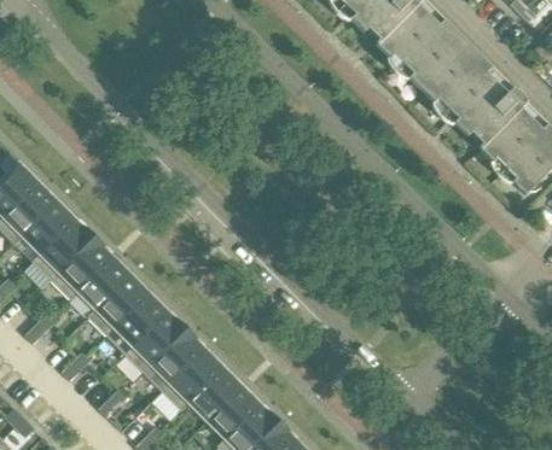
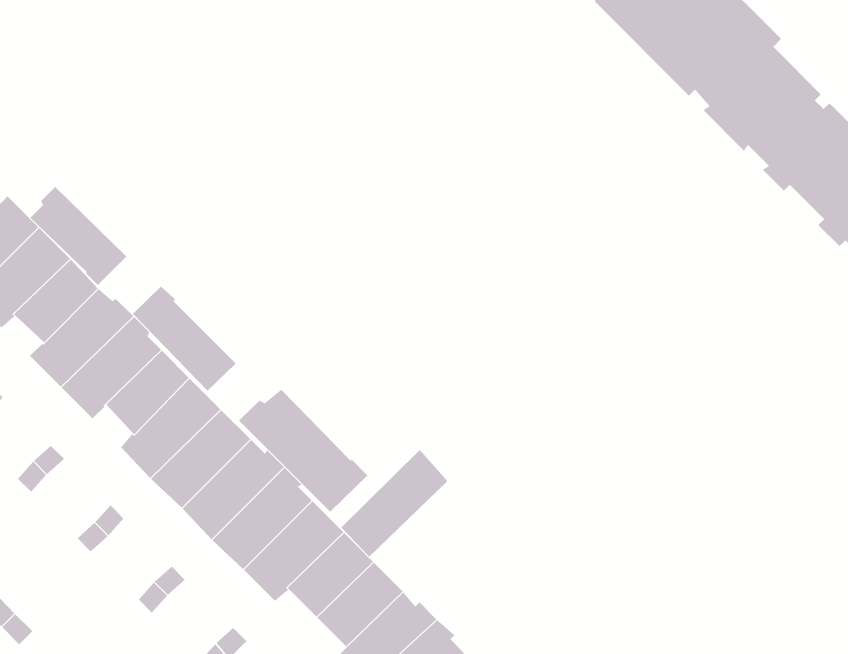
building: none -> [30,186,127,286]
building: none -> [132,286,236,391]
building: none -> [238,389,368,512]
building: none -> [341,449,448,557]

